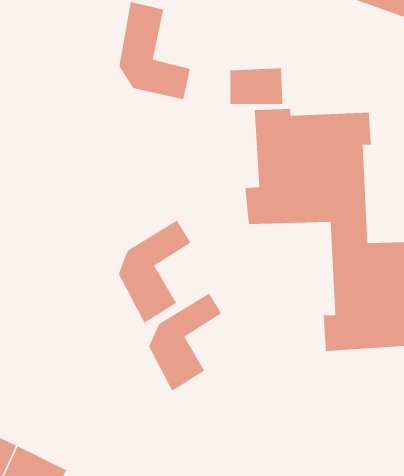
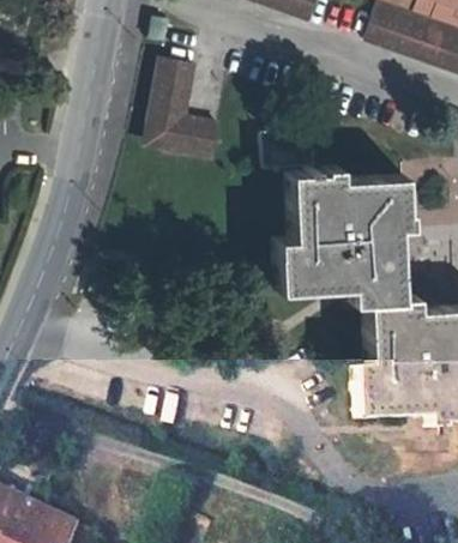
building: [118,220,191,324] -> none
building: [148,292,222,392] -> none

